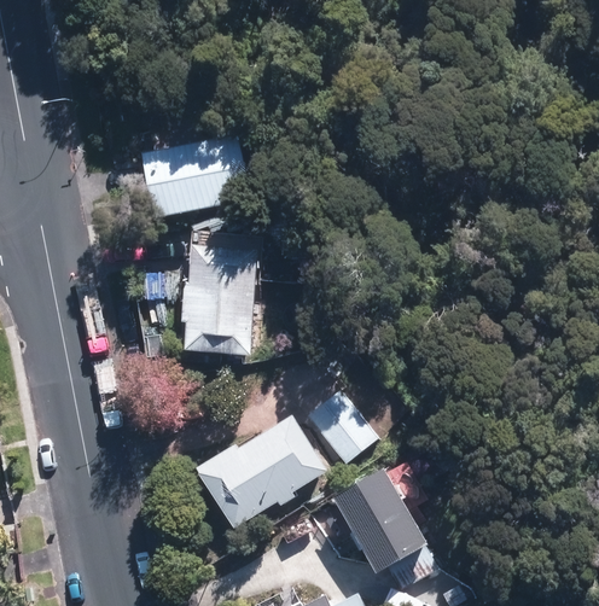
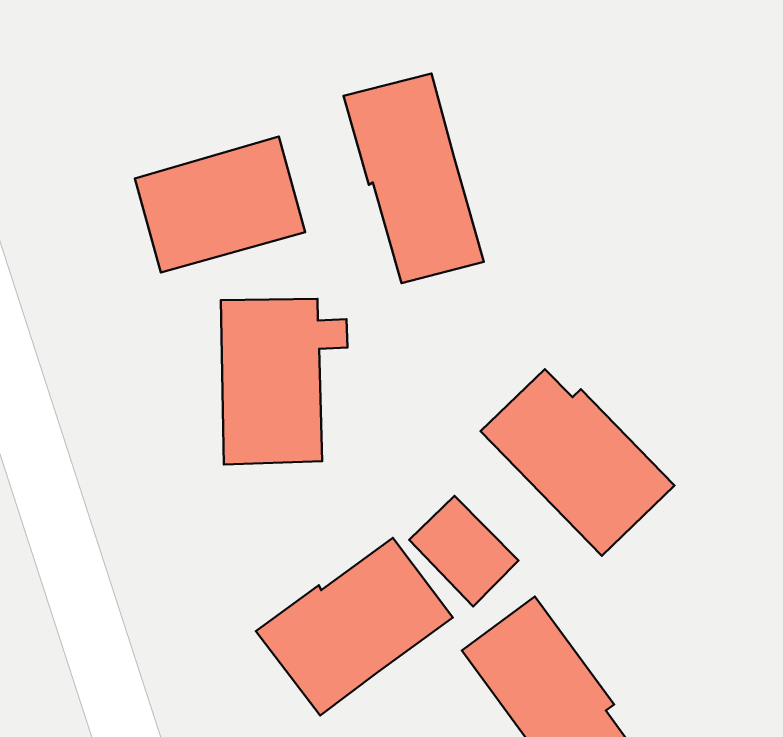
building: none -> [344,73,484,283]
building: none -> [480,369,674,556]

